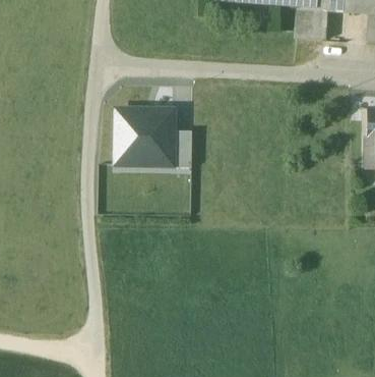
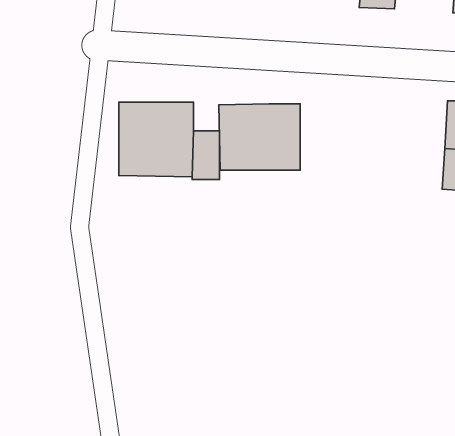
building: none -> [219,104,300,170]

